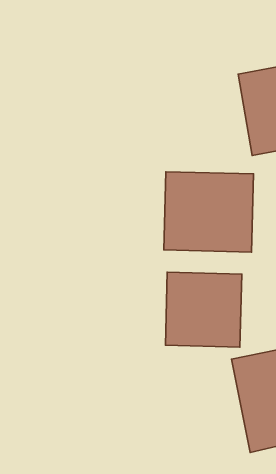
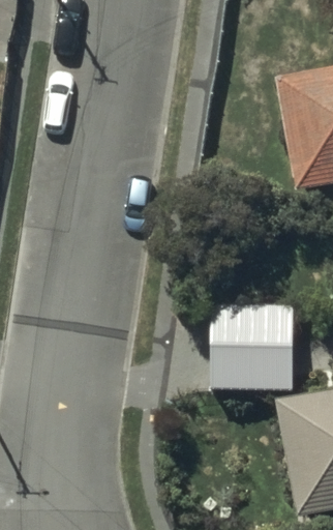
building: [164,172,254,252] -> none

